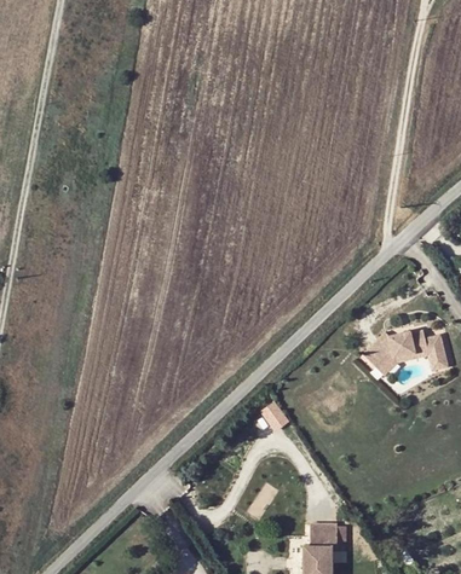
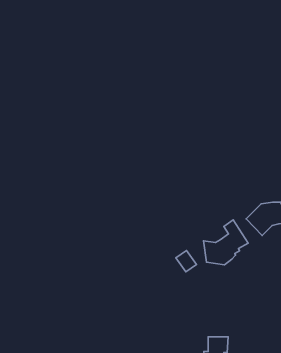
building: none -> [204,220,248,265]

